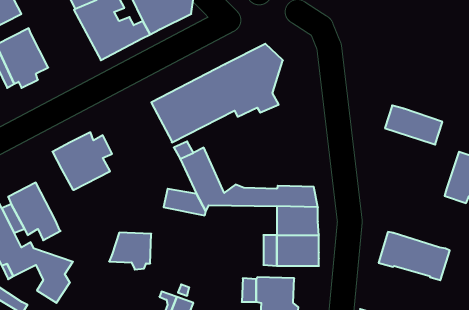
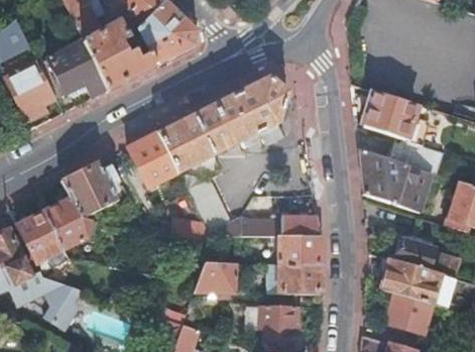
building: none -> [40,42,109,99]
building: none -> [364,92,421,139]
building: none -> [129,133,179,187]
building: none -> [359,149,434,212]
building: none -> [45,199,91,249]
building: none -> [395,240,456,277]
building: [109,233,151,270] -> [195,261,236,298]
building: none -> [387,294,432,332]

